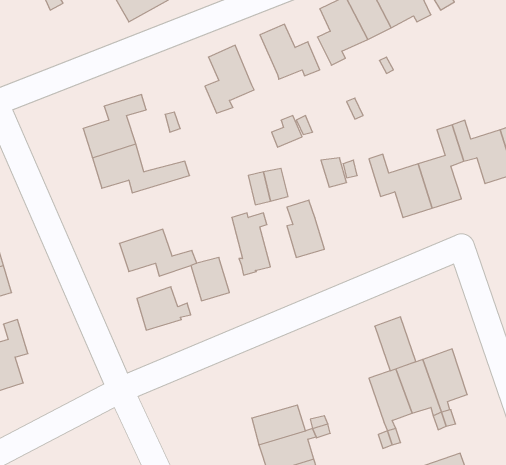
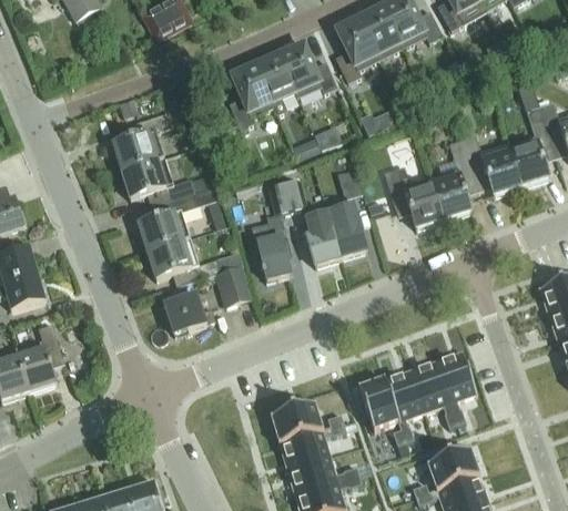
building: none -> [257,53,297,101]
building: none -> [139,186,217,251]
building: none -> [327,203,367,256]
building: [375,317,416,371] -> [359,378,398,429]

